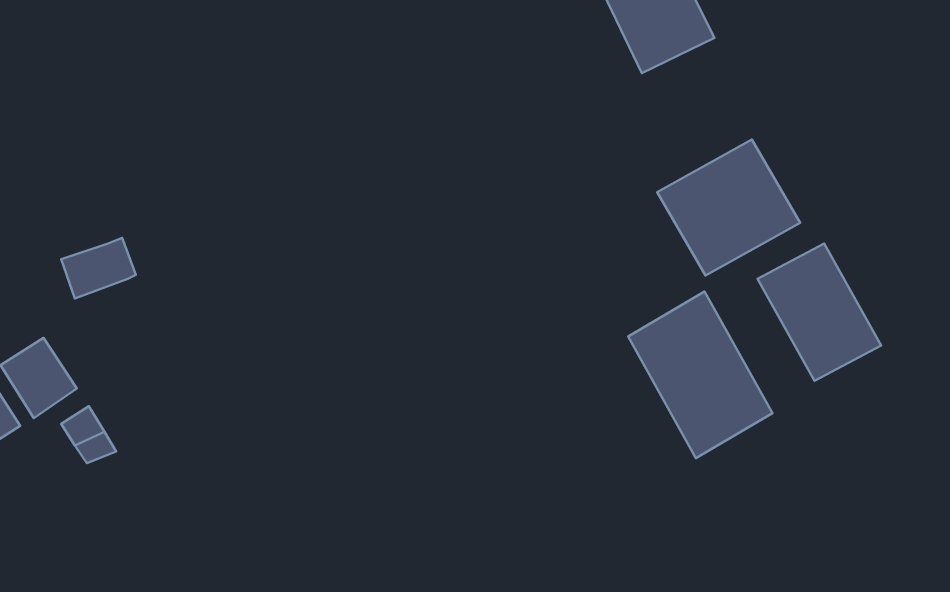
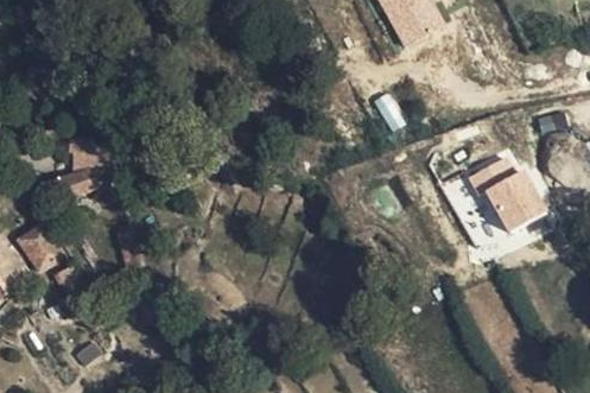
building: [657,139,800,276] -> none
building: [628,292,772,458] -> none

